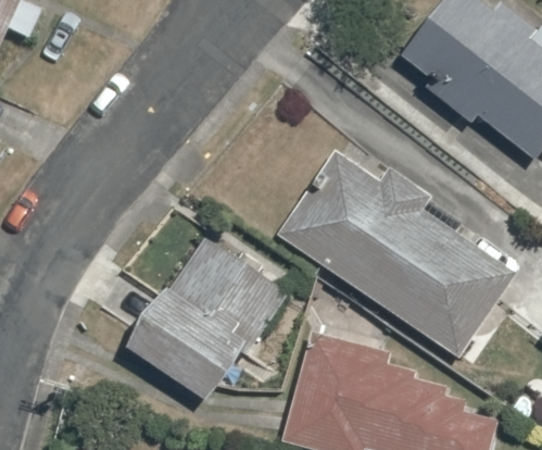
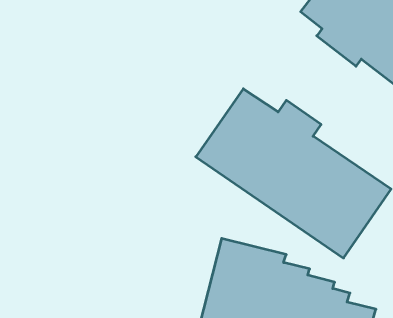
building: [129,240,283,402] -> none

